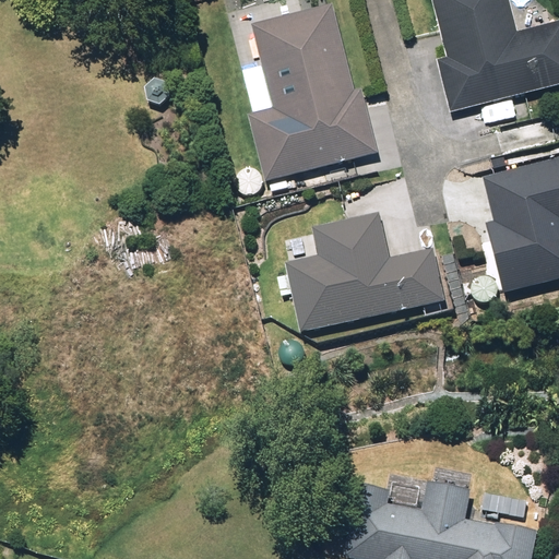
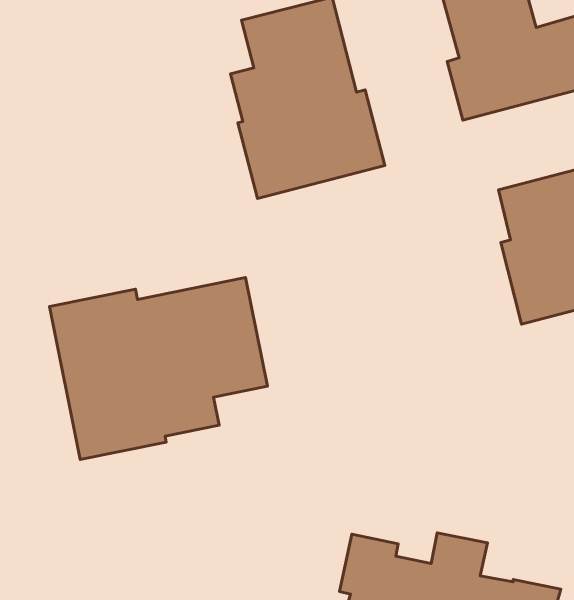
building: [286,213,447,333] -> none
building: none -> [50,278,268,459]

